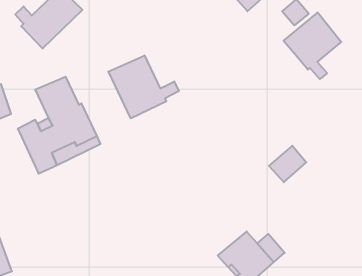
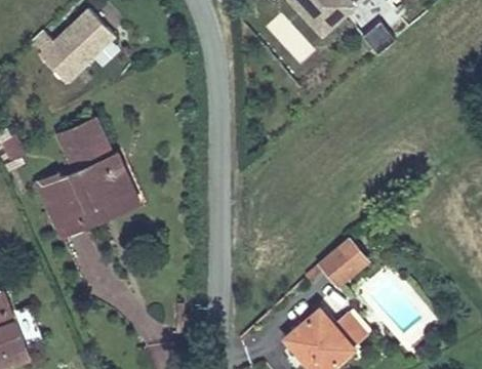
building: [284,12,341,79] -> none
building: [108,55,179,118] -> none
building: [269,146,306,182] -> [320,241,366,286]

